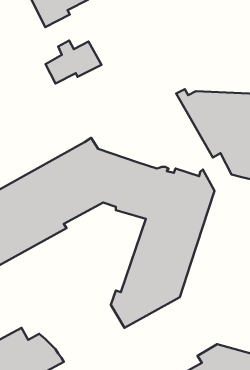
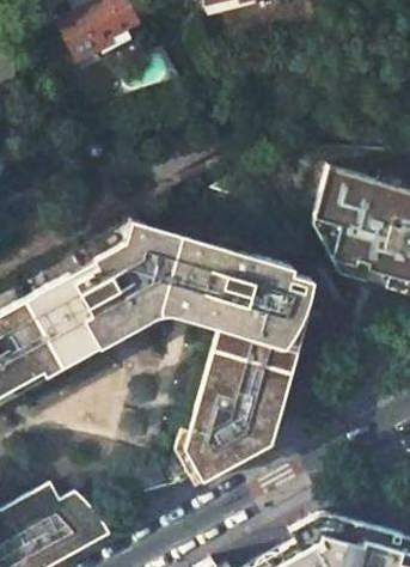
building: [45,41,101,84] -> none

